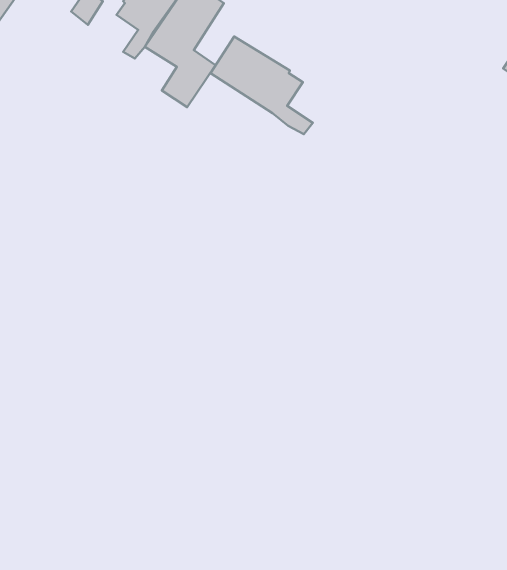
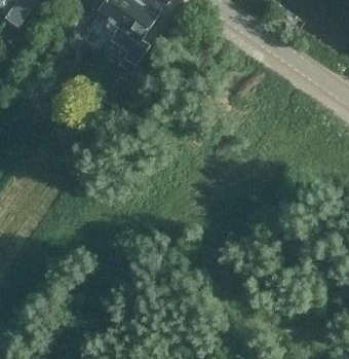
building: [210,36,313,134] -> none

